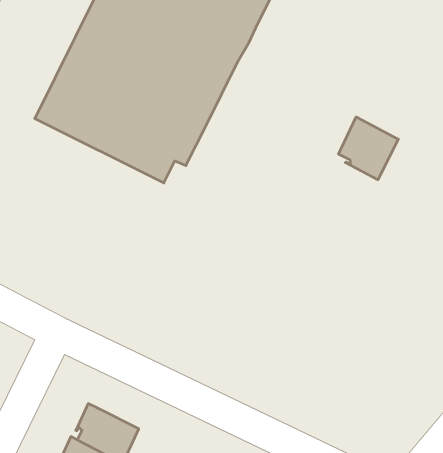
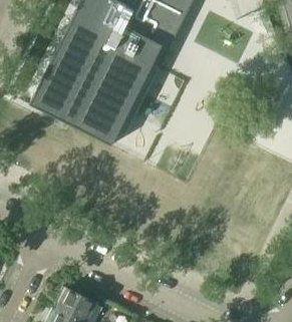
building: [339,117,398,180] -> none

